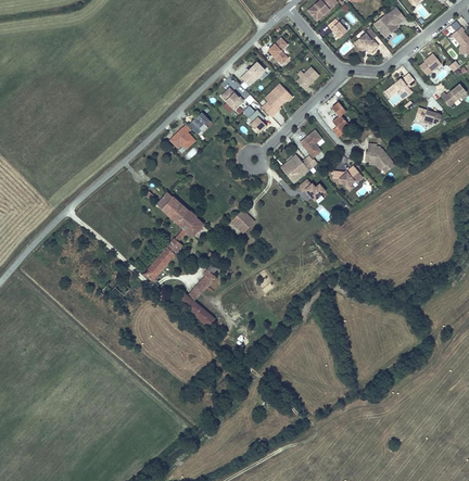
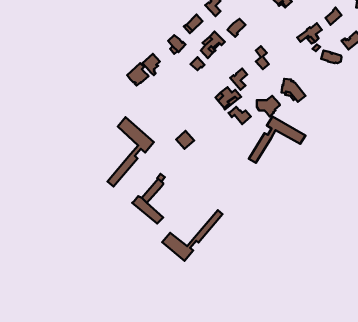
building: none -> [249,116,306,163]
building: none -> [162,210,222,261]

